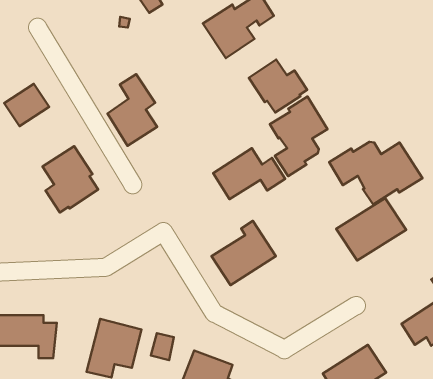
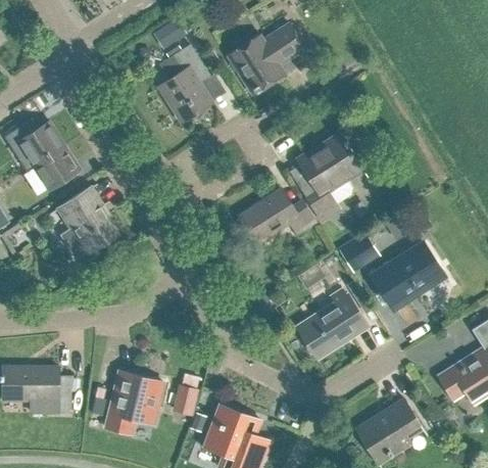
building: [249,59,307,112] -> none
building: [107,74,157,146] -> [158,45,211,122]
building: none -> [33,145,80,190]
building: [329,142,423,204] -> none
building: none -> [338,233,380,273]
building: [211,221,276,285] -> [297,288,365,357]

